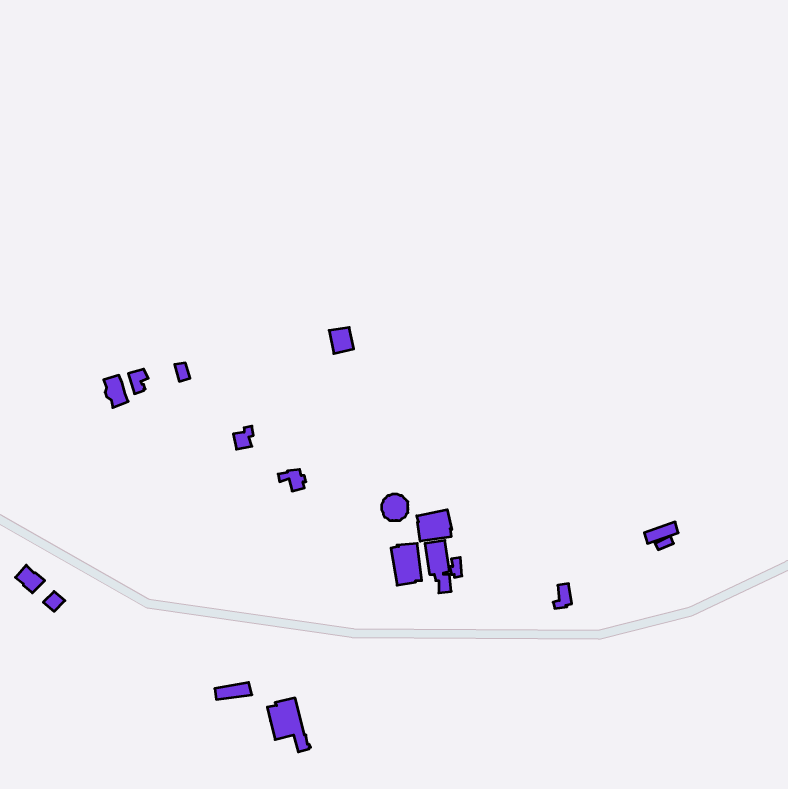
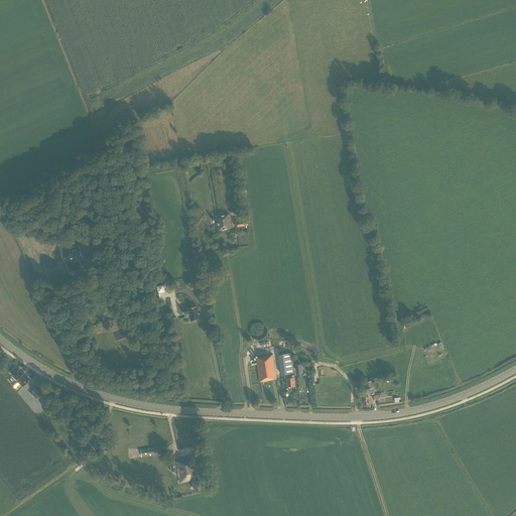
building: [417,510,452,541] -> none

